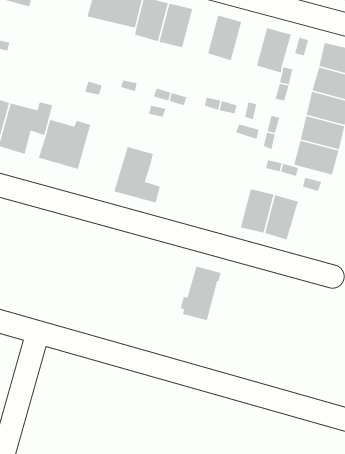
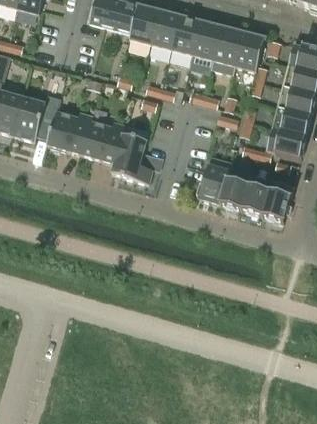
building: none -> [172,15,202,54]
building: none -> [211,26,244,73]
building: none -> [82,115,127,163]
building: none -> [262,181,293,221]
building: [180,266,221,321] -> [197,156,233,204]

